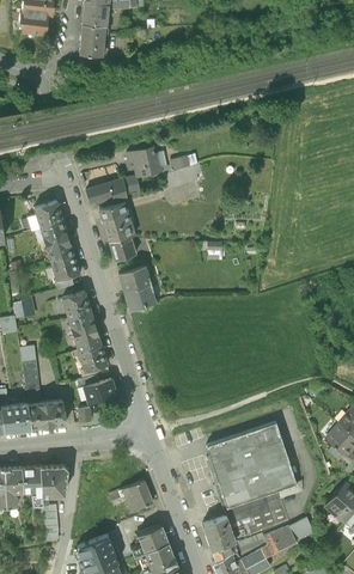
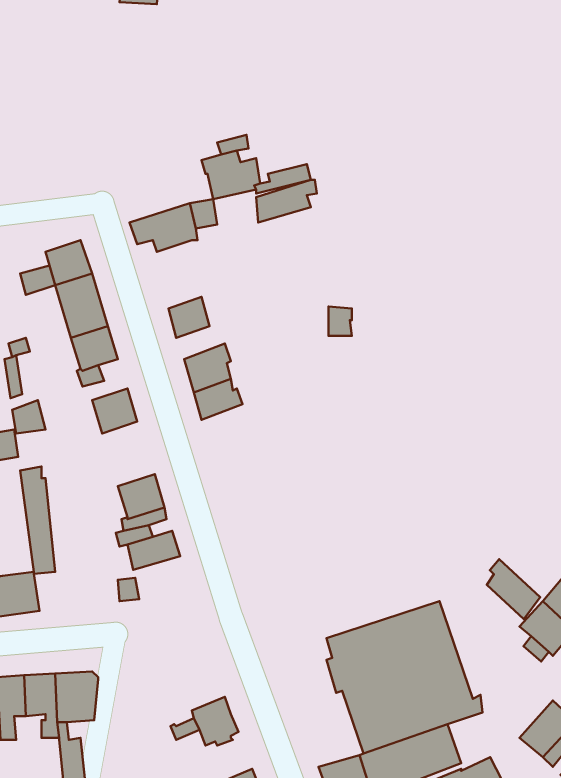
building: [98,201,134,243] -> none
building: [68,312,100,352] -> none
building: none -> [487,559,540,619]
building: [26,401,65,428] -> none

